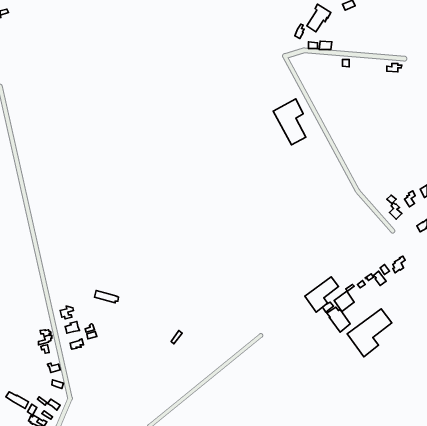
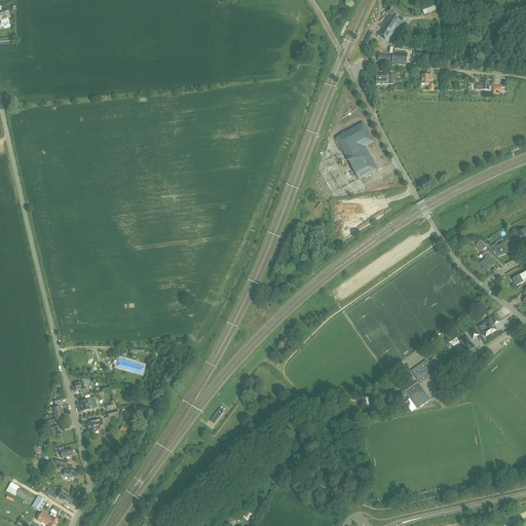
building: [305,277,338,312] -> none
building: [347,309,392,357] -> none

